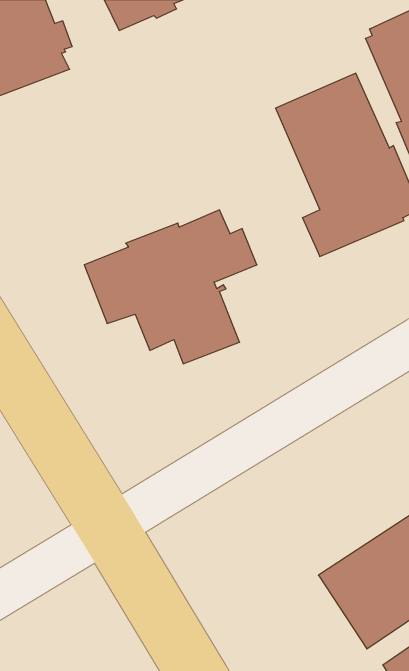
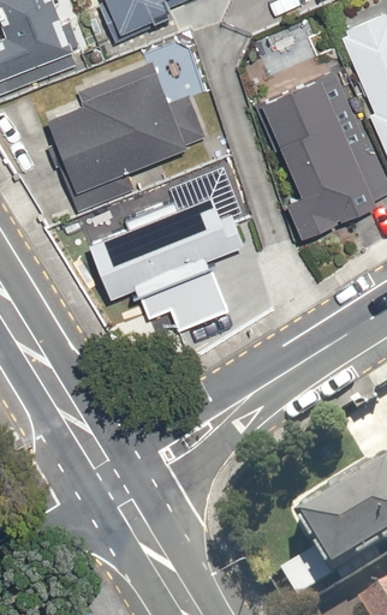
building: none -> [42,67,204,215]

